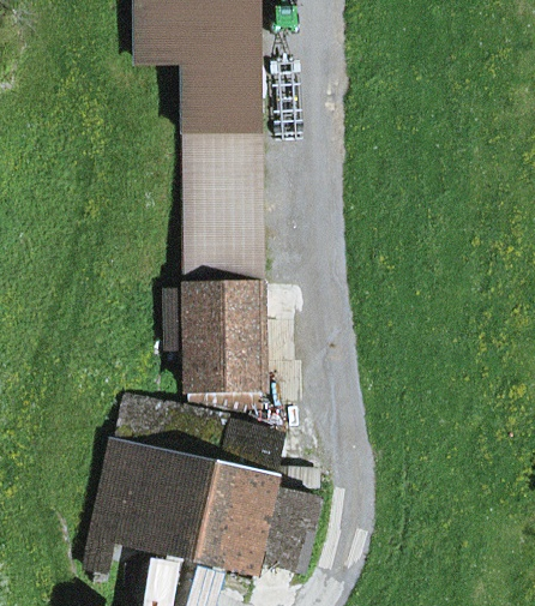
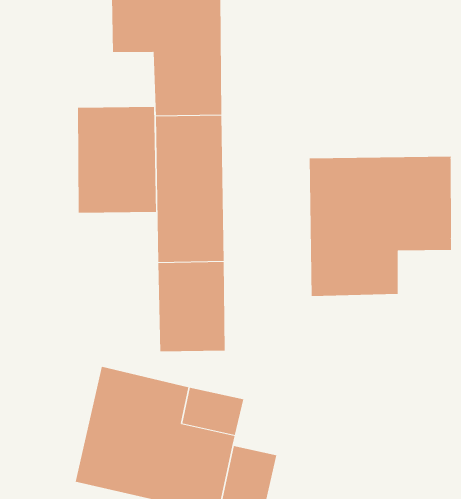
building: none -> [78,106,157,214]
building: none -> [309,156,452,297]

